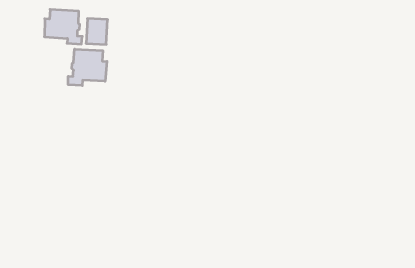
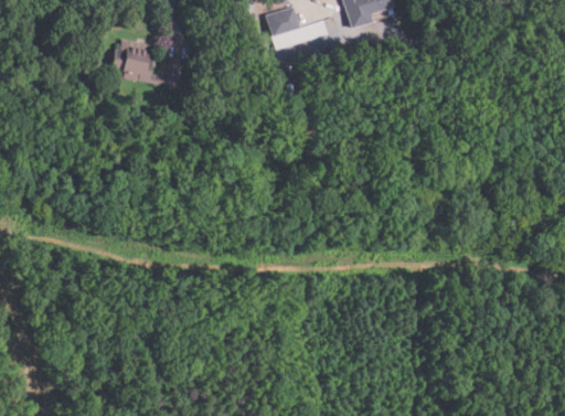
building: [68,49,107,86] -> none

